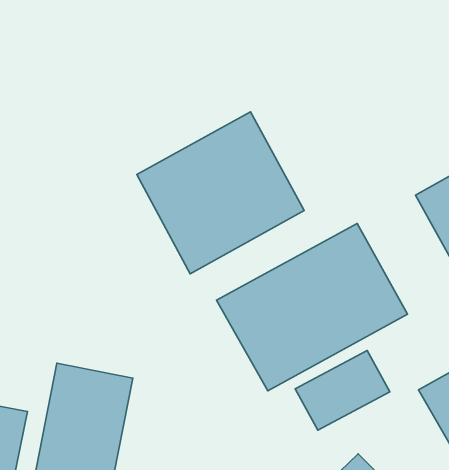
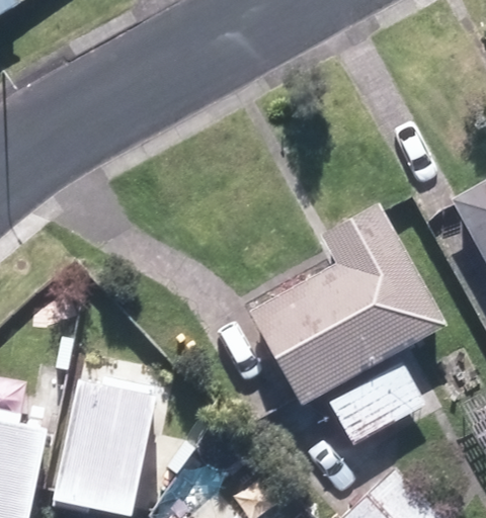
building: [137,112,304,274] -> none

